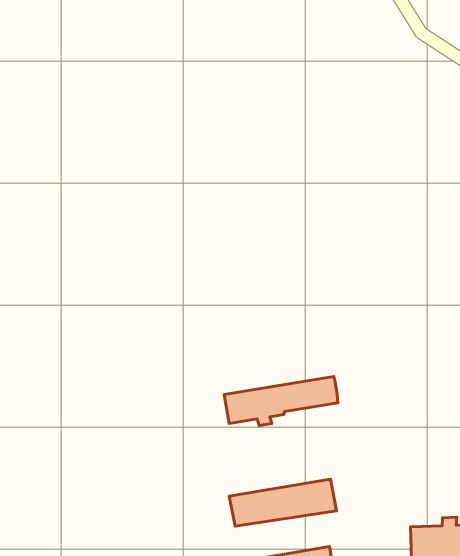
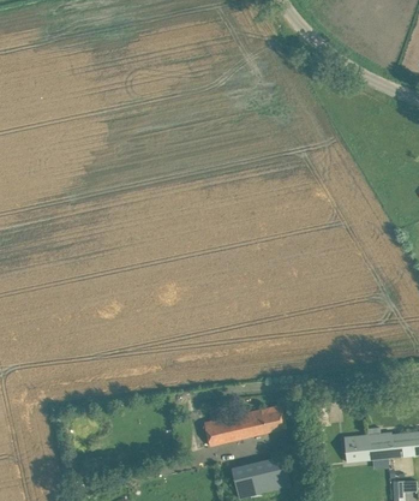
building: [224,376,338,426] -> none

